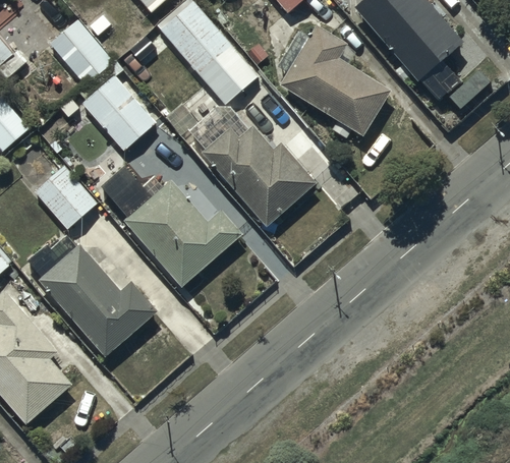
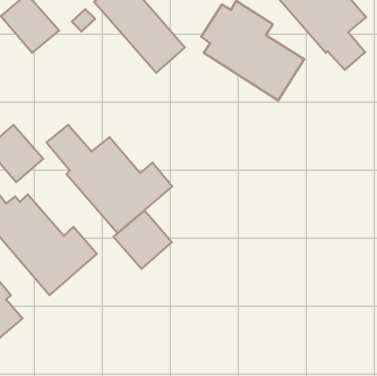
building: [82,74,155,149] -> none
building: [167,103,316,226] -> none
building: none -> [113,211,172,269]

